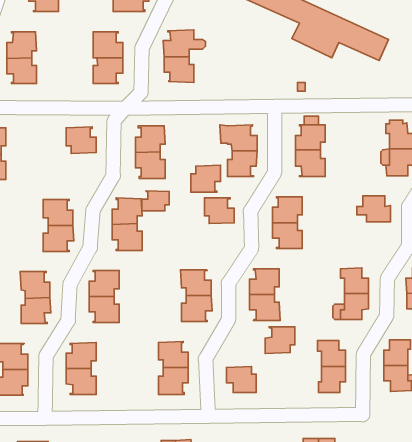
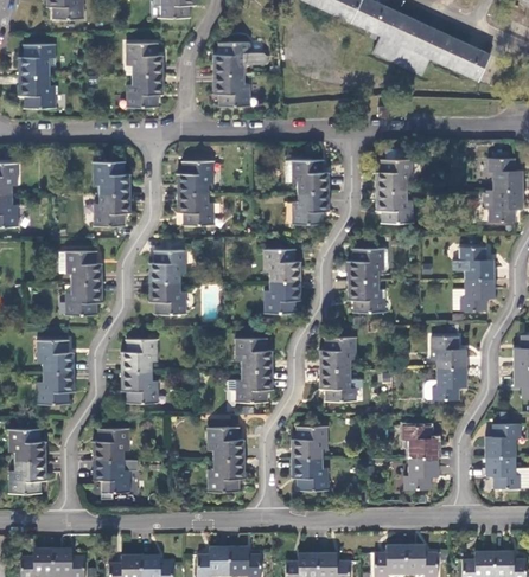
building: none -> [94,192,129,225]
building: [191,165,221,192] -> [263,278,300,312]
building: [142,191,169,211] -> none
building: none -> [453,277,493,309]
building: [265,327,295,354] -> [291,424,327,457]

